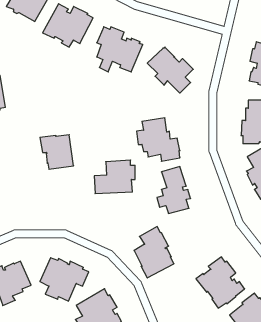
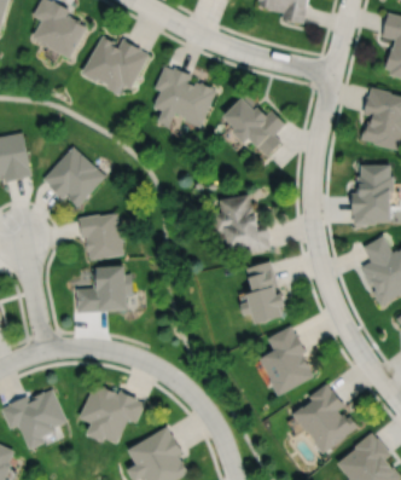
building: none -> [43,148,105,209]
building: [94,160,135,194] -> [76,270,132,316]
building: [134,227,174,278] -> [257,324,312,394]

